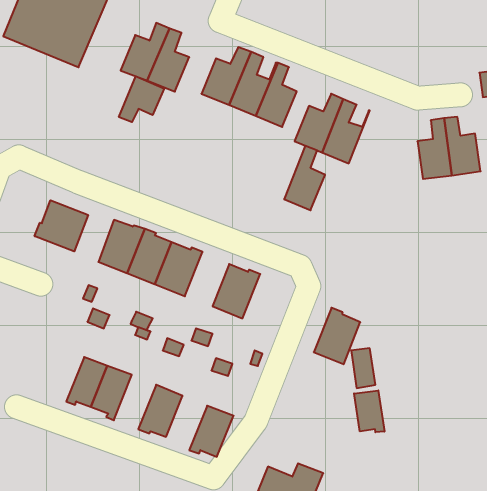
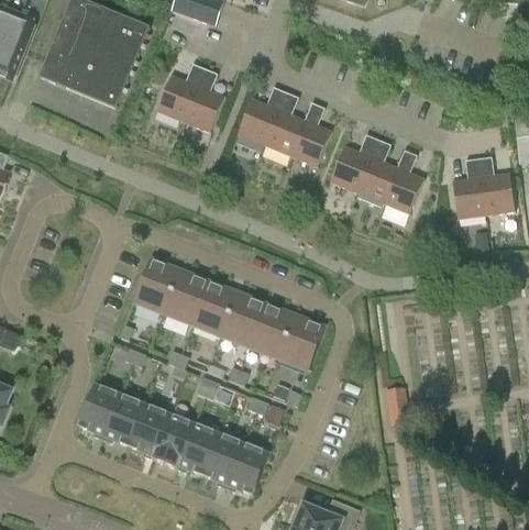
building: [119,76,164,122] -> none
building: [284,146,325,210] -> [383,150,423,213]
building: [35,200,88,251] -> none
building: none -> [220,290,264,344]
building: [314,308,360,364] -> [277,312,323,368]
building: none -> [78,384,120,439]
building: none -> [150,412,191,466]
building: [354,390,384,432] -> none
building: none -> [201,433,242,487]

